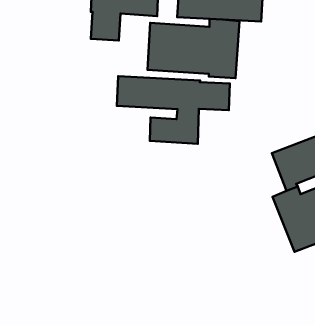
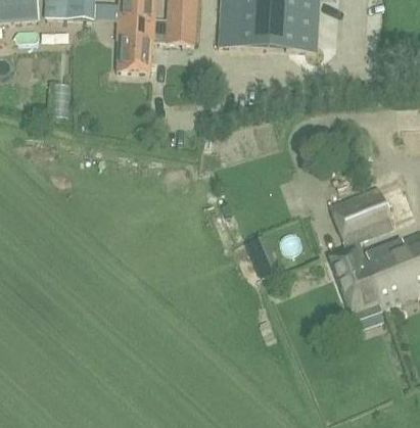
building: [147,19,239,78] -> none
building: [117,76,230,144] -> none

